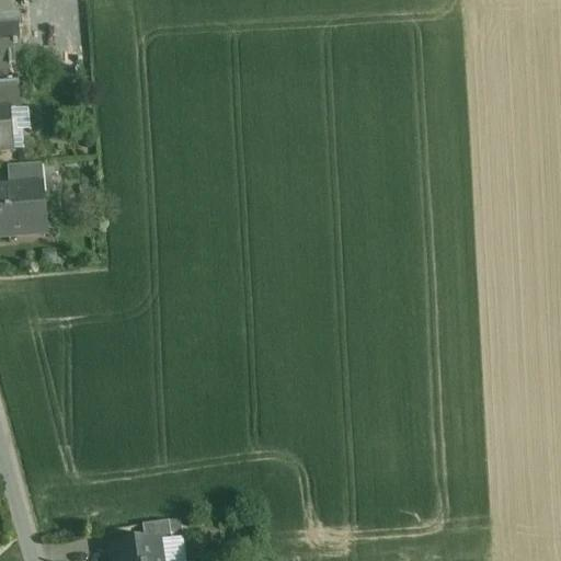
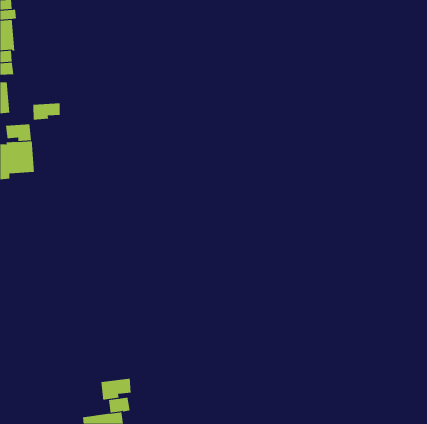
building: none -> [33,102,60,120]
building: none -> [101,378,131,400]

